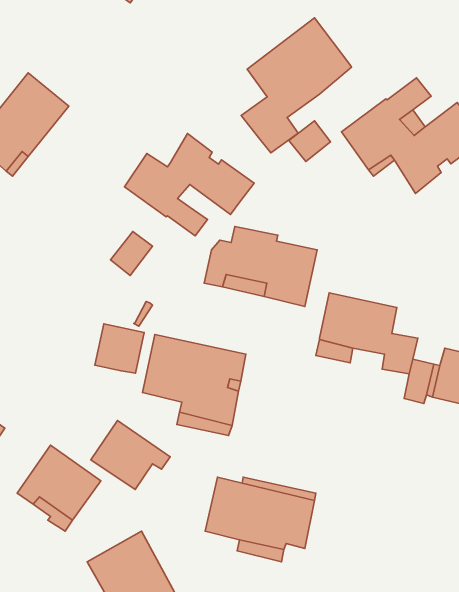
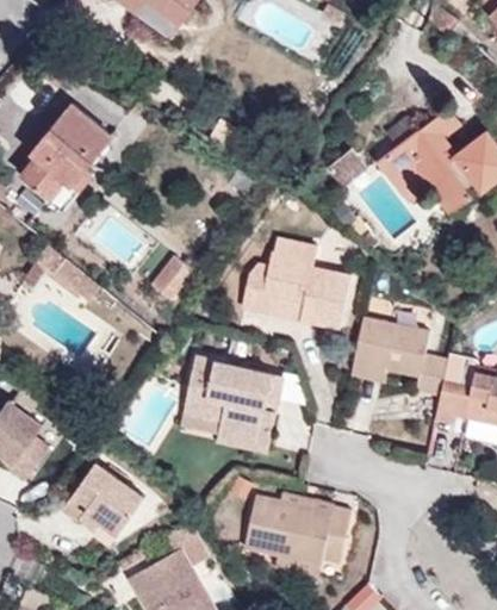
building: [241,18,352,153] -> none
building: [124,133,254,236] -> none
building: [95,324,144,373] -> none
building: [91,420,170,490] -> none

